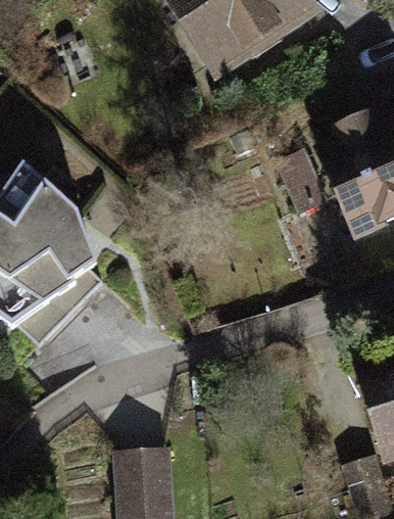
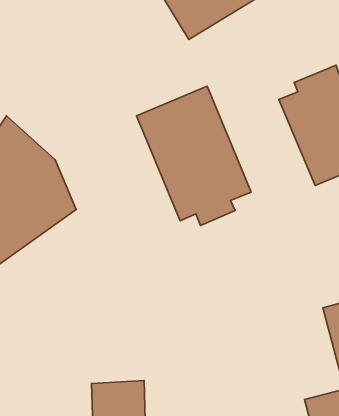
building: none -> [136,86,251,225]

